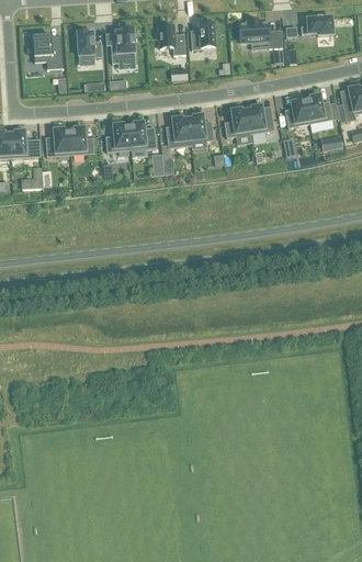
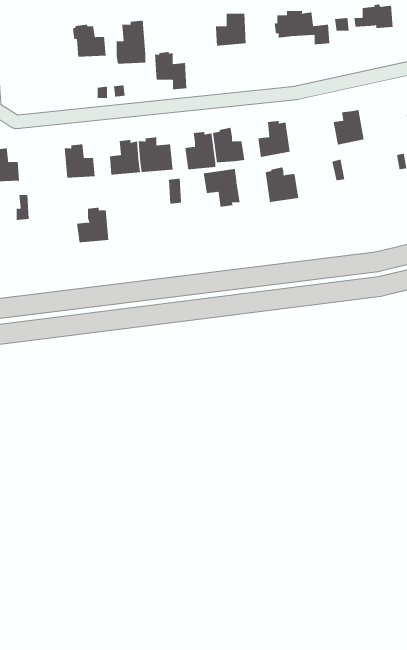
building: [159,24,185,55] -> [154,51,187,90]
building: [33,33,63,61] -> none
building: [305,93,332,123] -> none
building: [247,104,274,133] -> [265,167,299,202]
building: [45,127,71,156] -> [76,207,109,243]
building: none -> [203,168,240,208]

